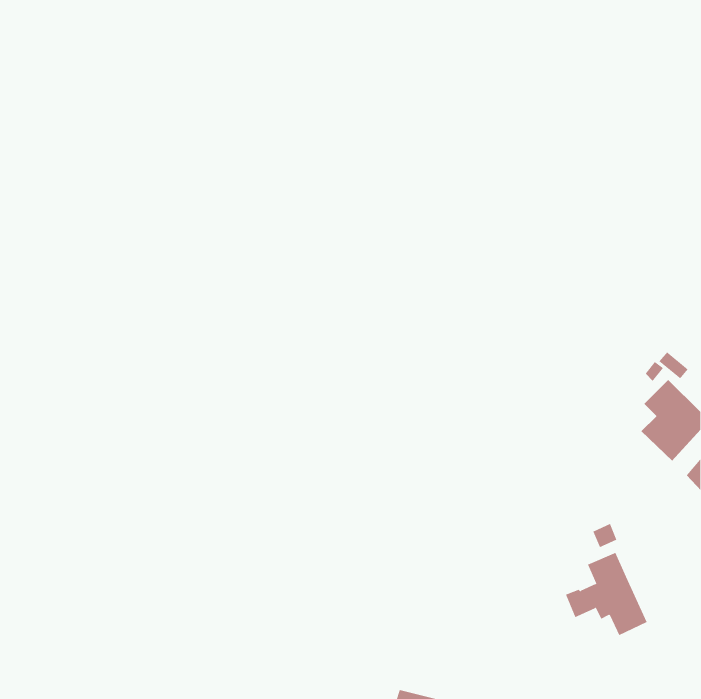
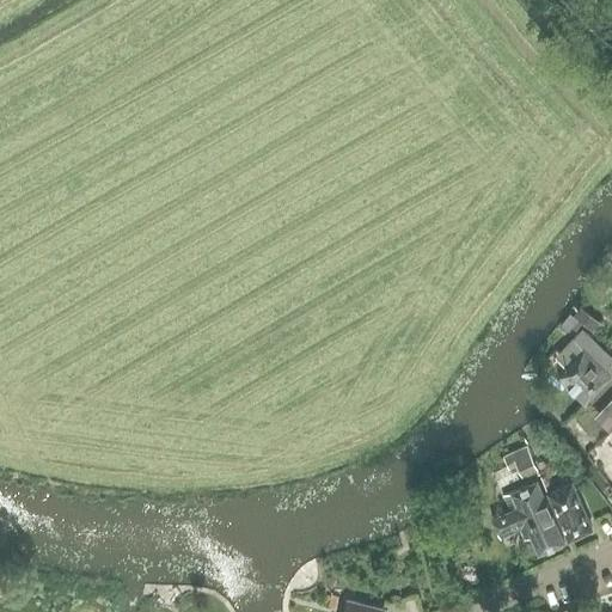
building: none -> [547,485,592,543]

